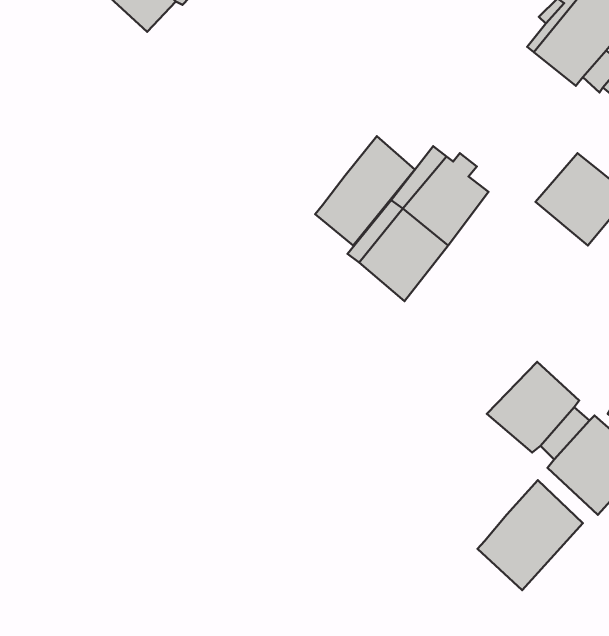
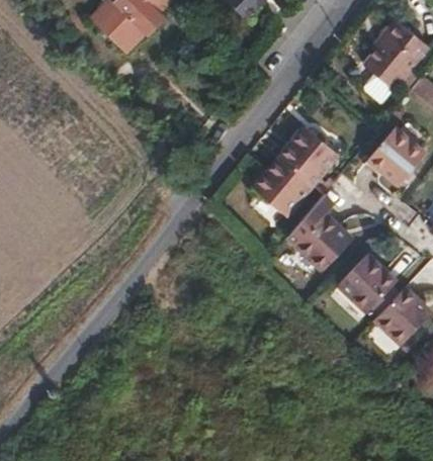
building: [315,136,415,246] -> none
building: none -> [300,204,357,261]
building: [478,480,583,590] -> none

